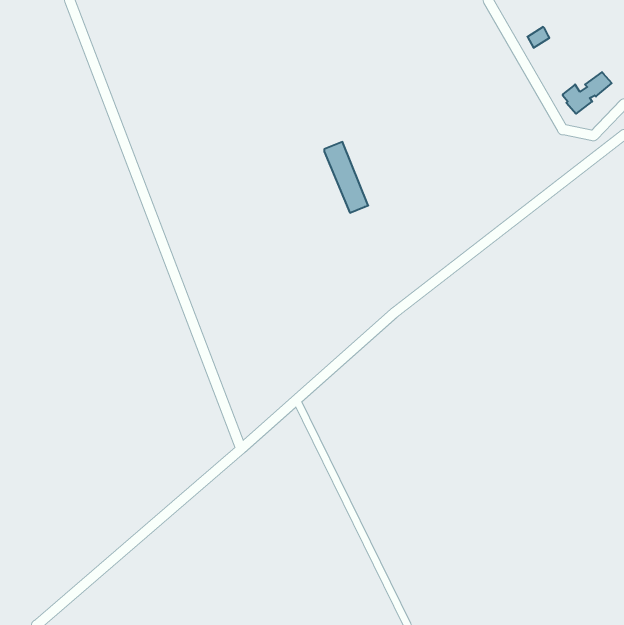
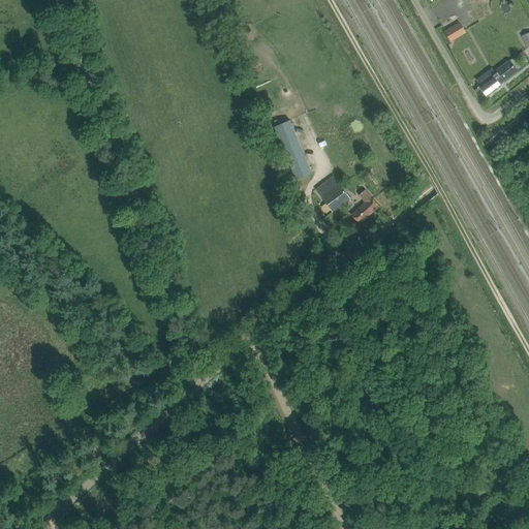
building: none -> [314,176,349,212]
building: none -> [350,189,378,224]

